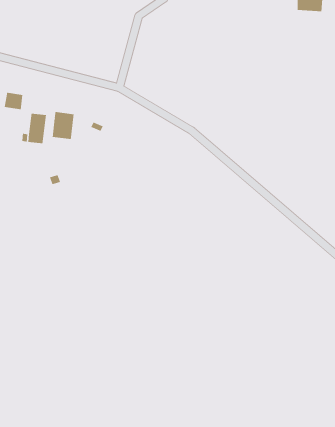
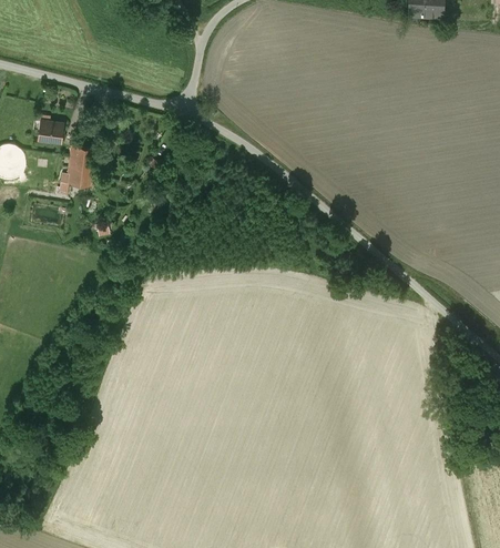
building: [52,111,74,140] -> none

